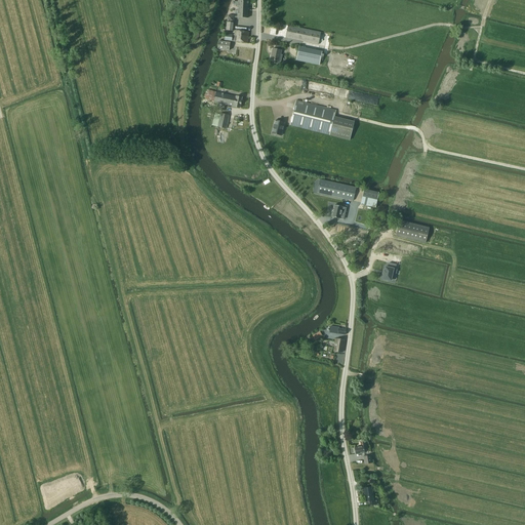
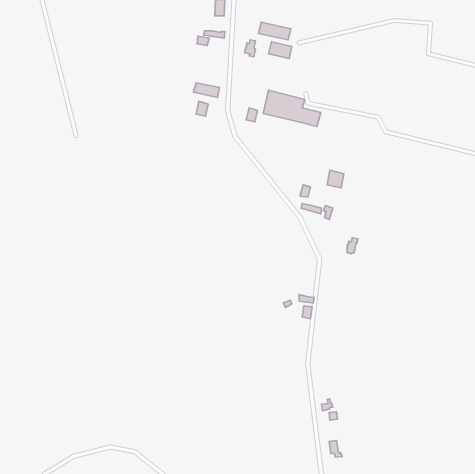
building: [317,178,356,200] -> none
building: [396,219,430,242] -> none

